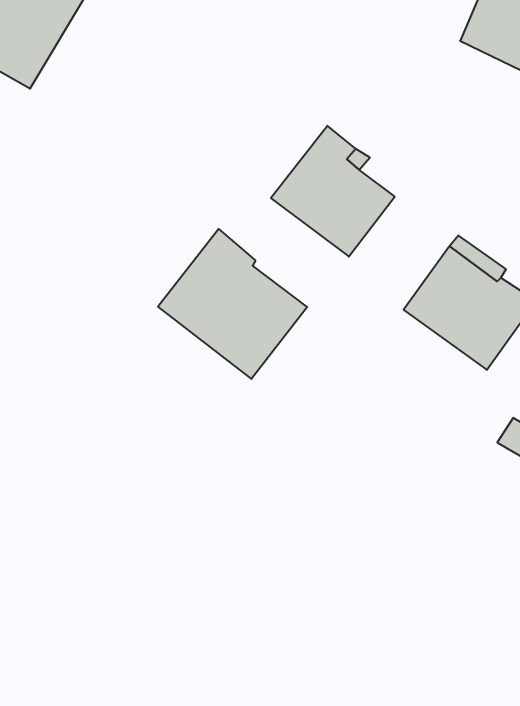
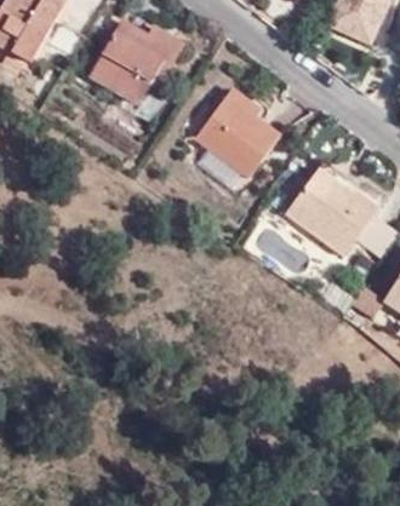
building: none -> [91,8,183,104]
building: [158,229,307,379] -> none

